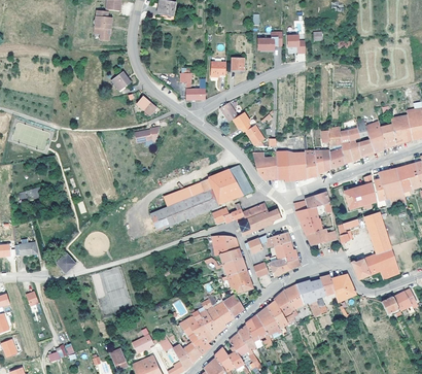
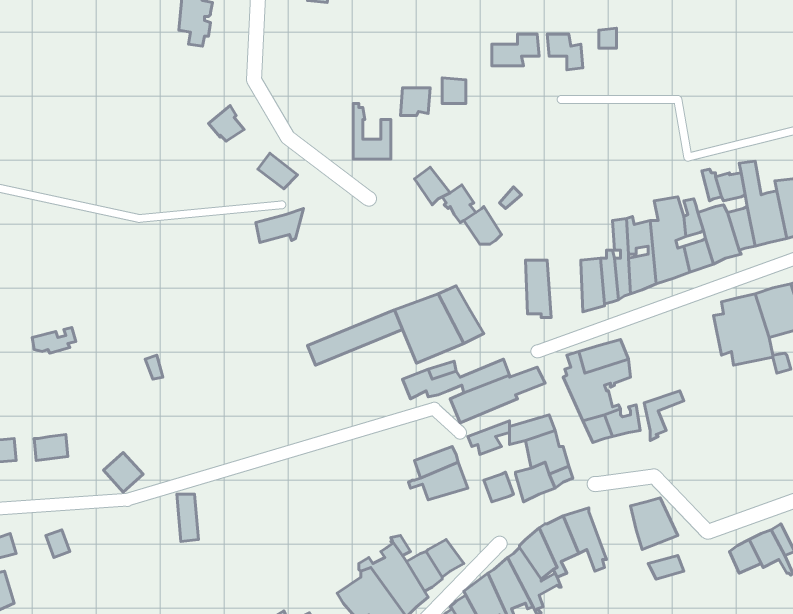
building: [252,151,277,179] -> none
building: [287,151,306,181] -> none
building: [344,175,376,210] -> none
building: [150,188,219,231] -> none
building: [350,212,398,280] -> none
building: [210,236,238,257] -> none
building: [221,270,252,295] -> none
building: [309,275,333,313] -> none

